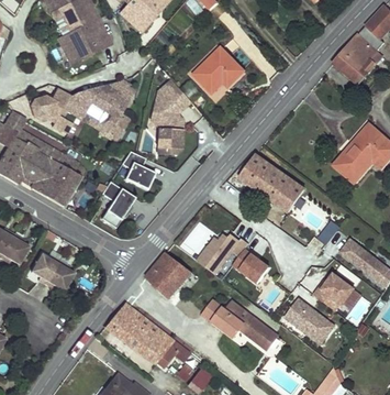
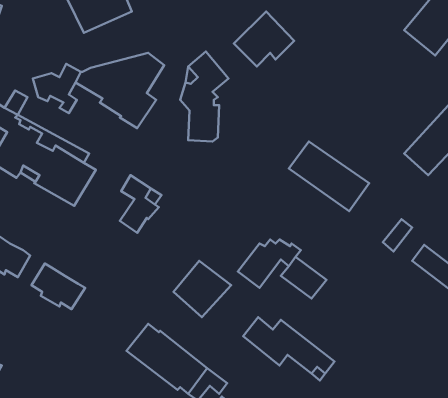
building: [122,151,155,188] -> none
building: [314,273,361,309] -> none
building: [285,297,335,342] -> none

